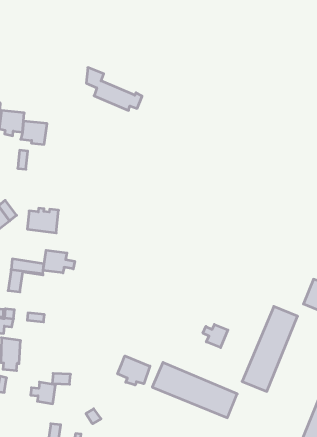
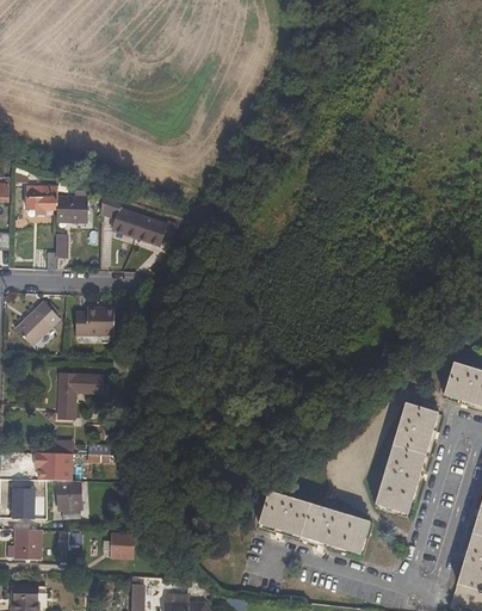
building: [86,68,142,110] -> [101,193,175,243]
building: [43,250,75,273] -> none
building: [203,324,228,348] -> none
building: [118,356,150,385] -> none

